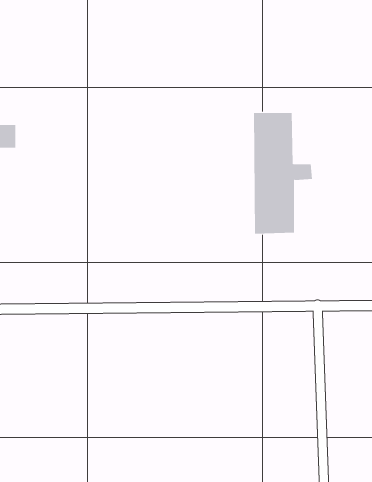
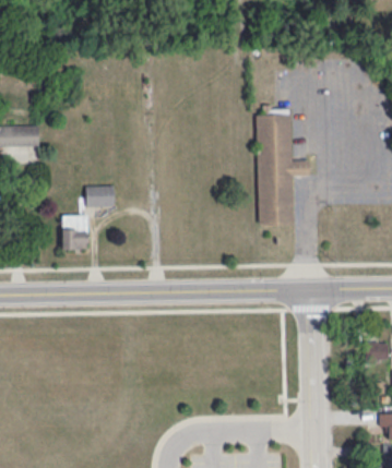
building: none -> [85,185,115,206]
building: none -> [62,216,90,250]

